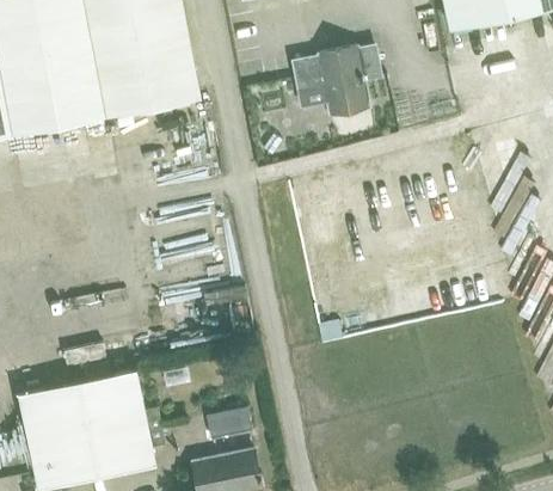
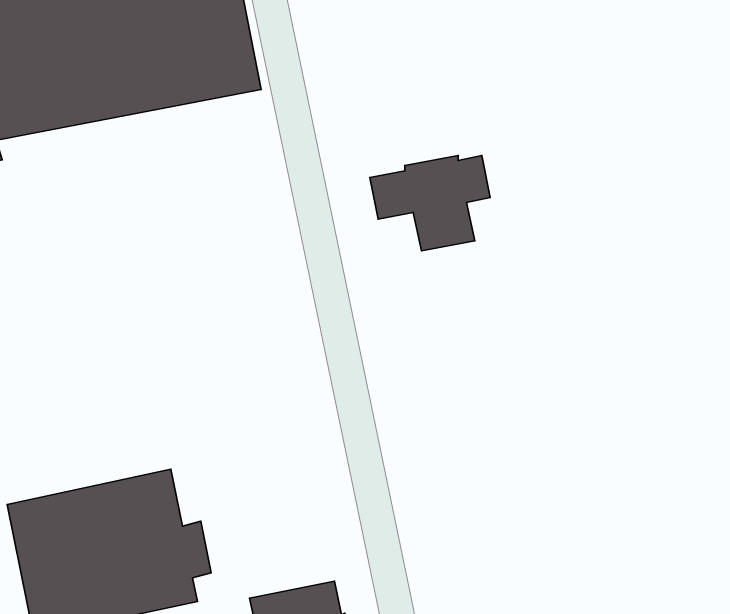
building: [294,48,380,116] -> [370,156,490,251]
building: [207,409,252,441] -> none

